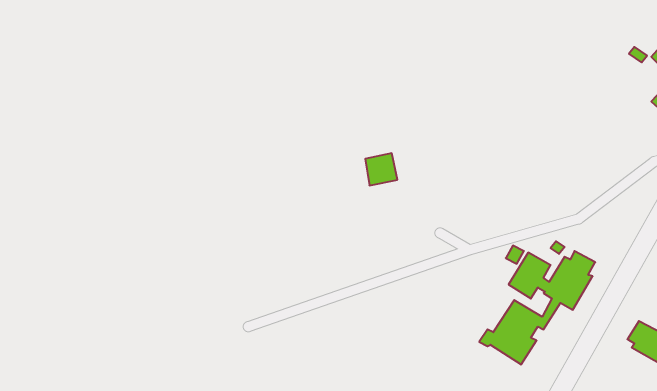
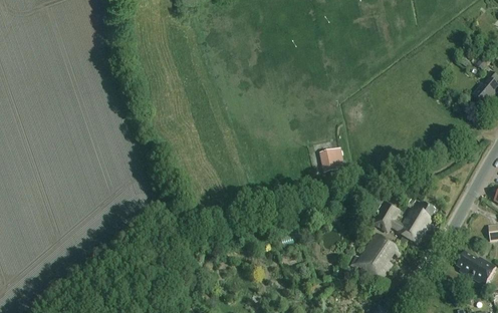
building: [365,153,397,185] -> [320,148,343,172]

